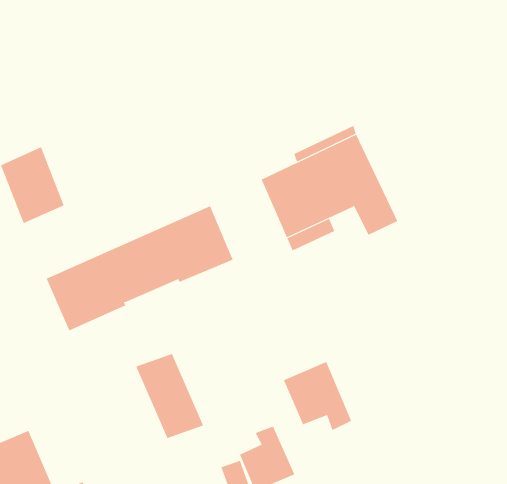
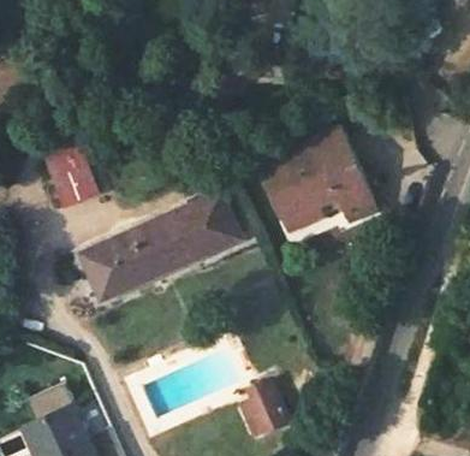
building: [136,353,204,439] -> none
building: [283,361,352,431] -> none

